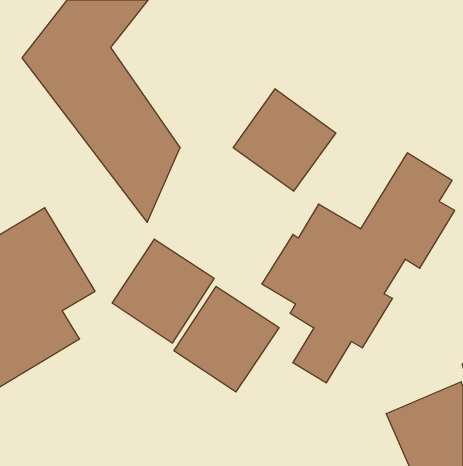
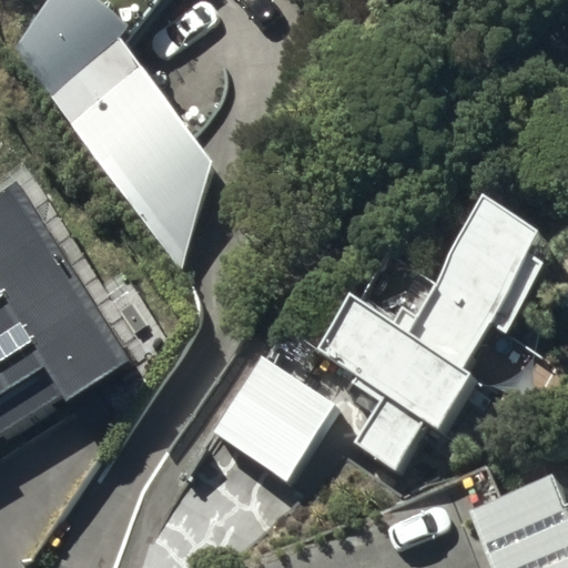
building: [233,89,336,191] -> none
building: [112,239,214,343] -> none

